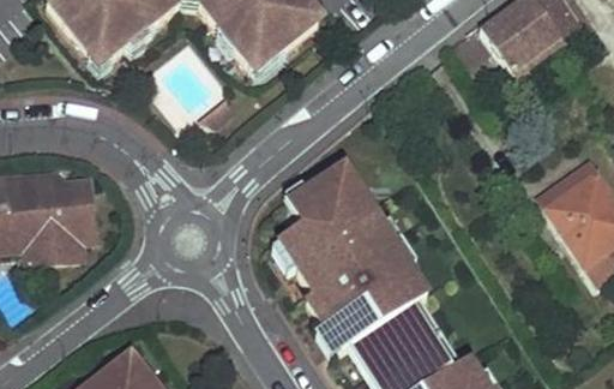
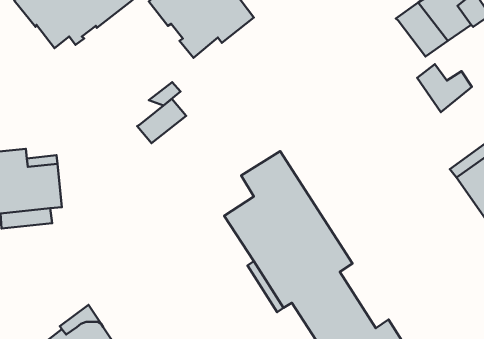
building: none -> [417,64,472,112]
building: none -> [137,99,186,143]

